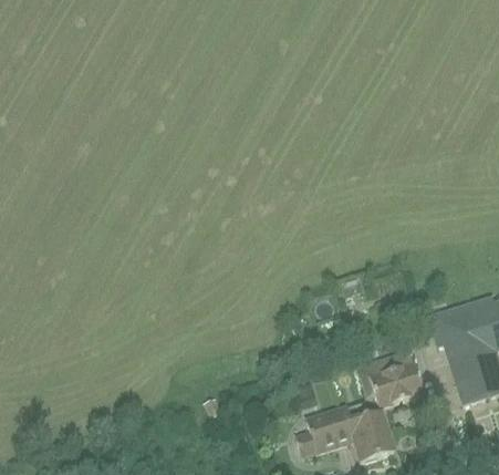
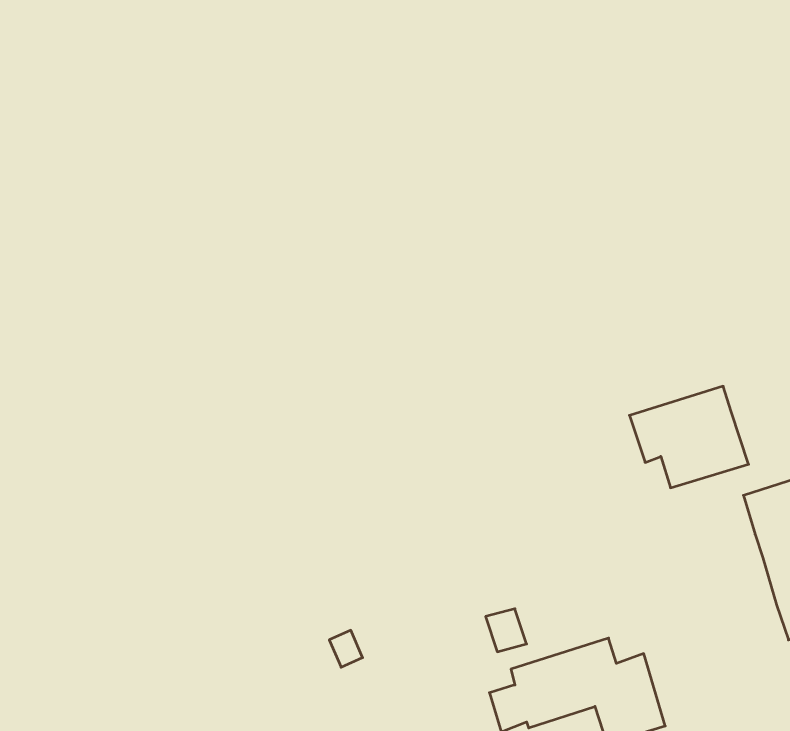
building: [356,347,424,404] -> [629,386,749,488]

